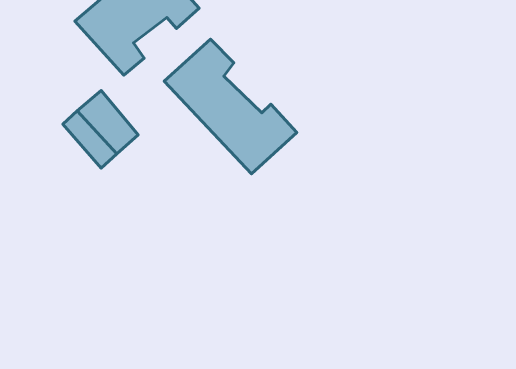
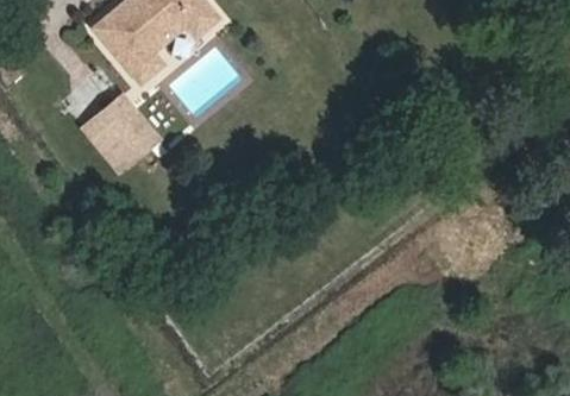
building: [164,39,297,174] -> none

